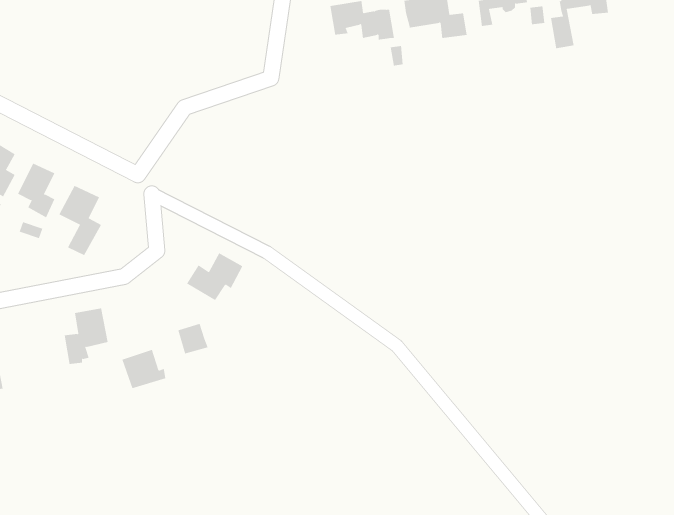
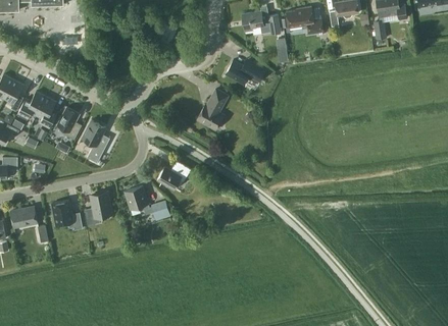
building: none -> [226,59,265,84]
building: none -> [197,89,228,129]
building: none -> [52,200,83,229]
building: [121,349,166,389] -> [125,185,151,209]

